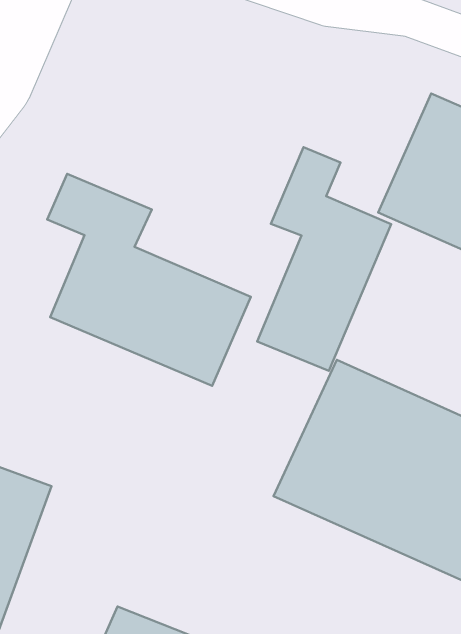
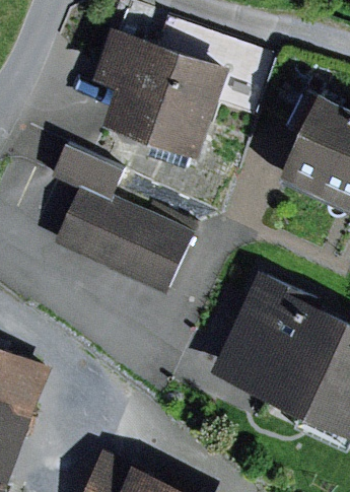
building: none -> [93,32,226,156]
building: [257,147,391,371] -> none

